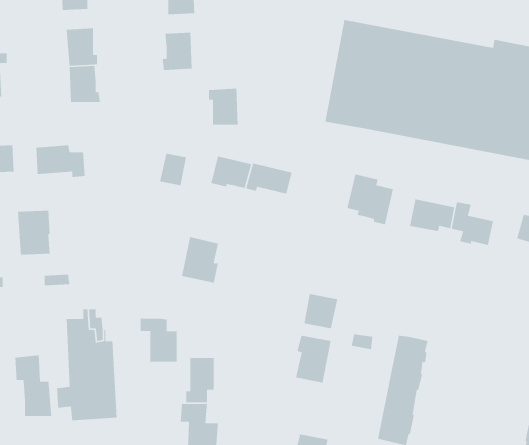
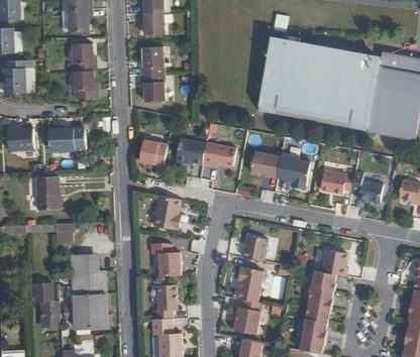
building: [208,88,239,126] -> [141,75,164,102]
building: none -> [249,148,280,175]
building: none -> [320,246,345,273]
building: [140,318,177,362] -> [153,241,181,273]
building: none -> [230,300,261,335]

